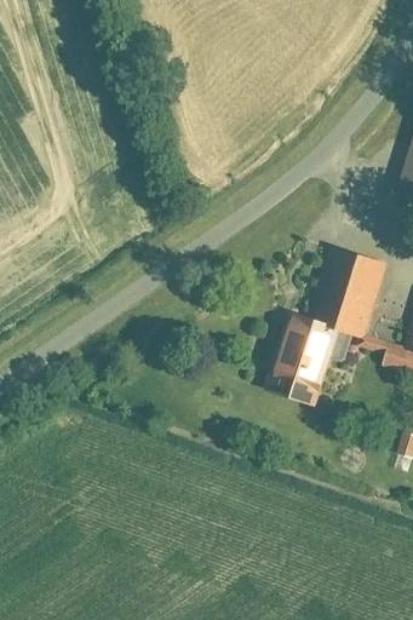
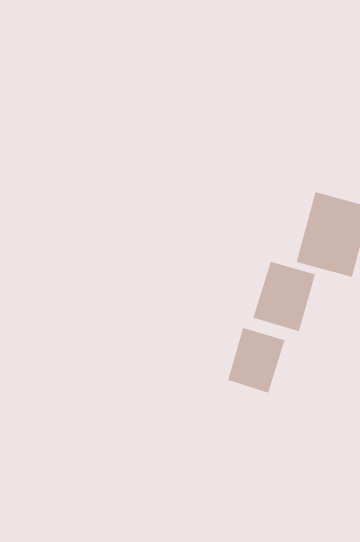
building: none -> [228,327,285,394]

